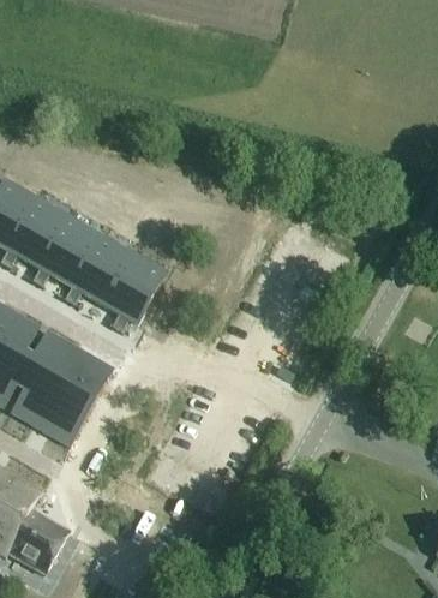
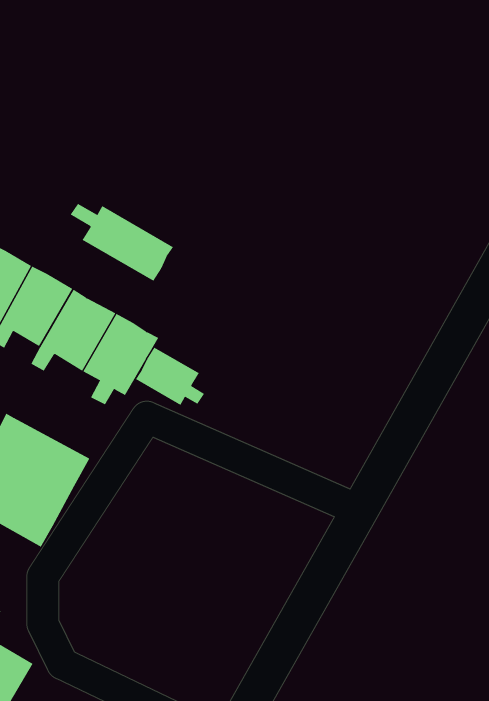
building: none -> [70,203,174,282]
building: none -> [135,347,205,406]

